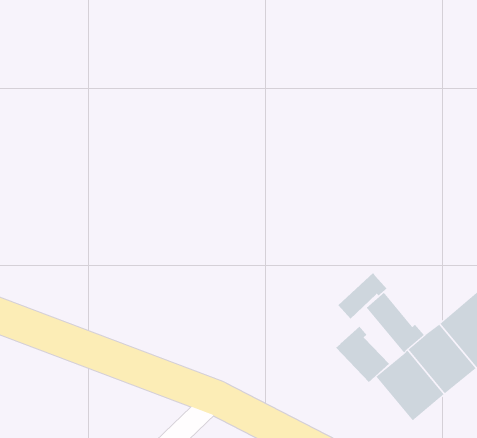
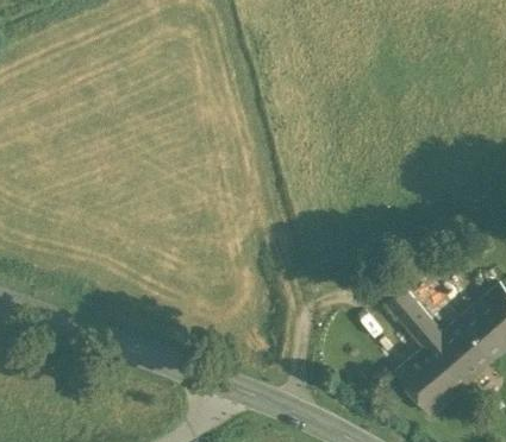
building: [338,272,388,319] -> none
building: [335,326,390,383] -> none

